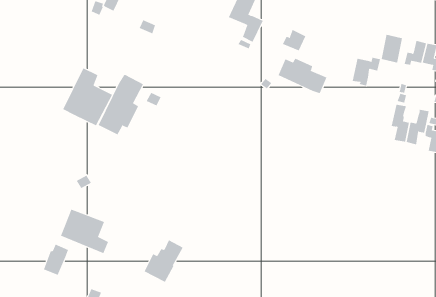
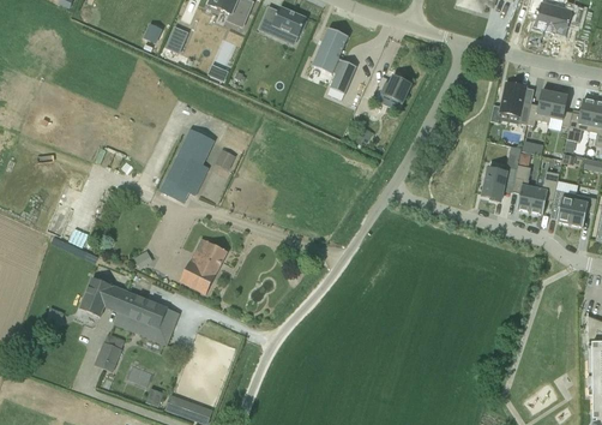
building: [352,57,381,86] -> [482,166,517,200]
building: [278,58,327,94] -> none
building: [63,68,113,126] -> none
building: none -> [80,276,127,316]
building: [144,239,184,282] -> [180,241,228,293]

